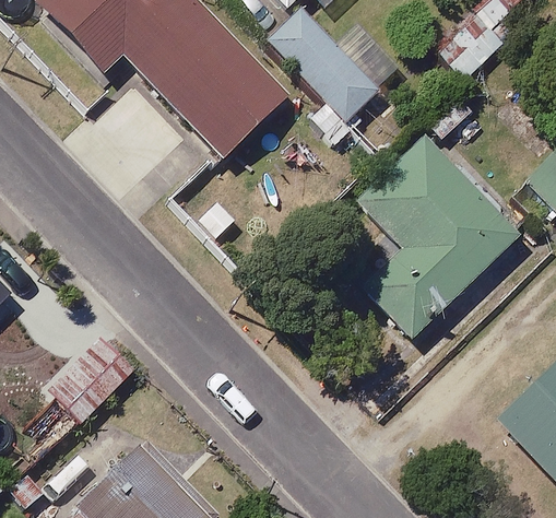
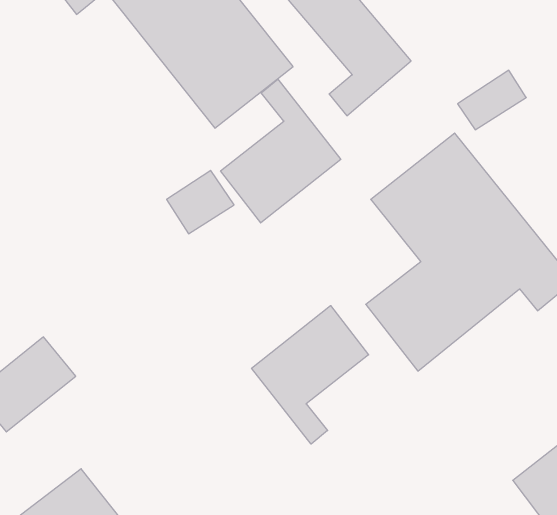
building: none -> [221,79,341,223]
building: none -> [252,306,369,444]

